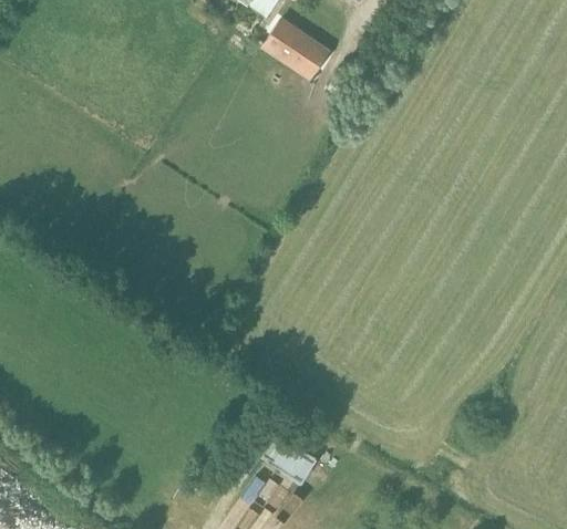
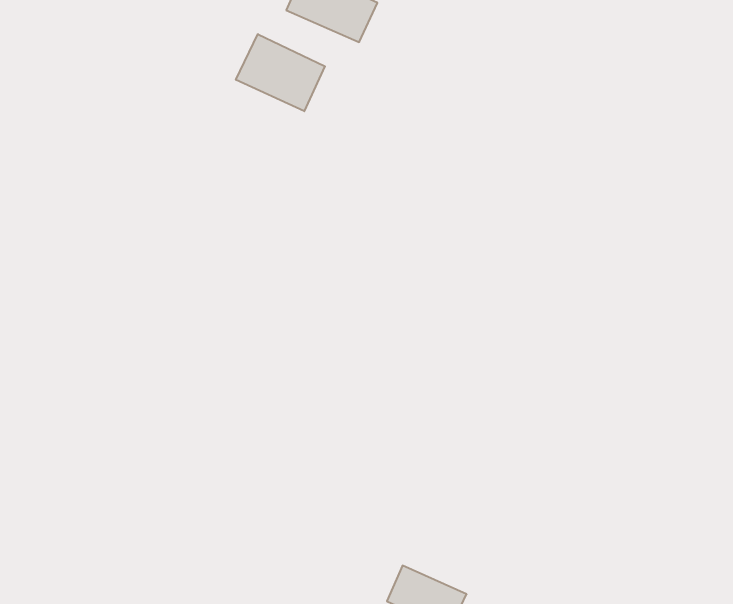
building: none -> [236,34,325,111]

